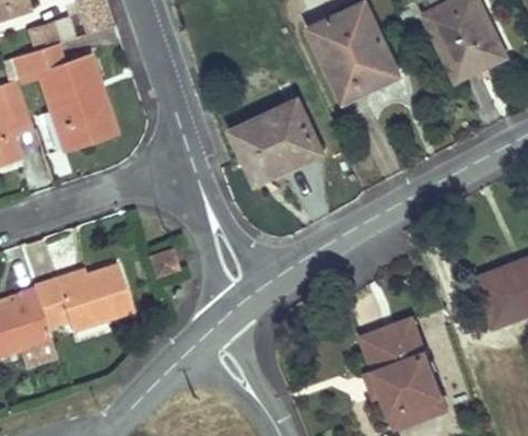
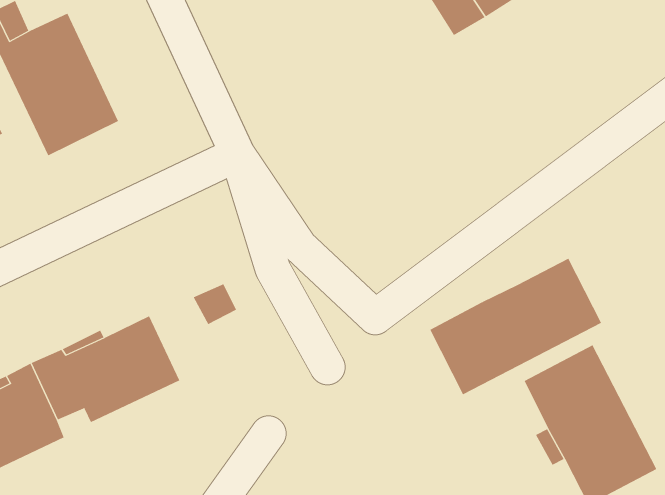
building: [234,104,321,182] -> none
building: none -> [430,258,602,395]

